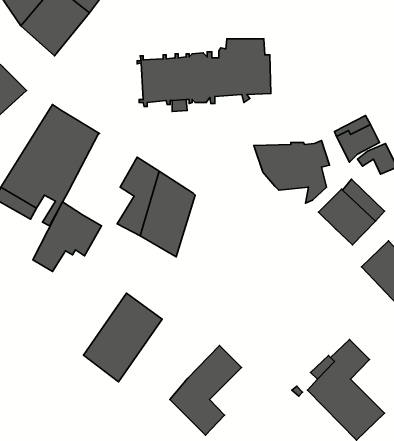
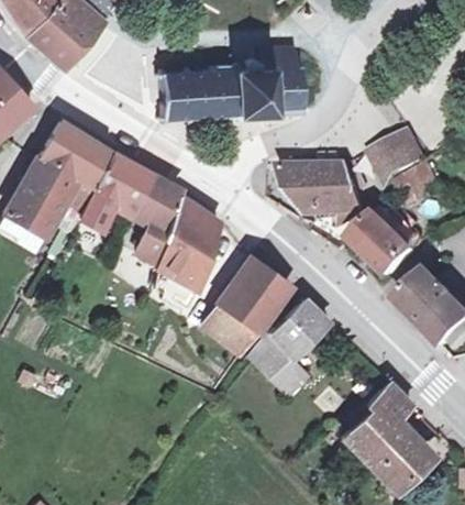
building: [33,202,101,272] -> [79,153,155,230]
building: [84,293,162,382] -> [203,256,290,354]
building: [170,346,241,435] -> [248,298,328,397]

